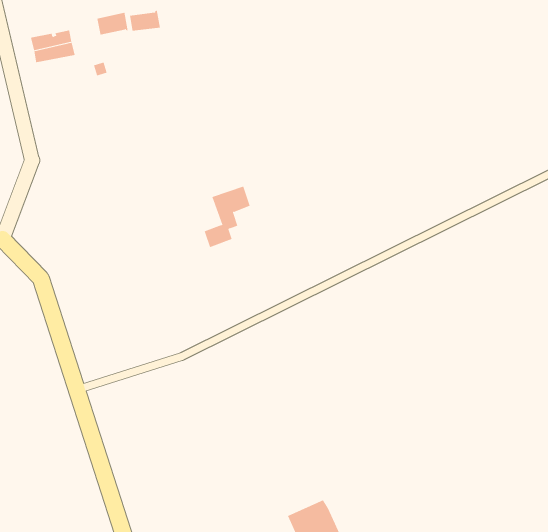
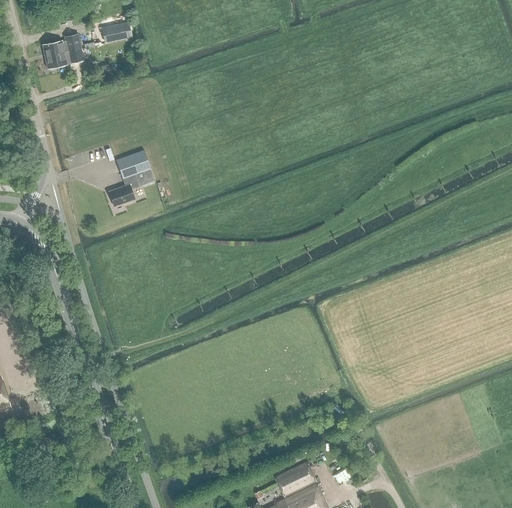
building: [130,10,160,32] -> none
building: [204,186,250,248] -> [108,151,150,207]

